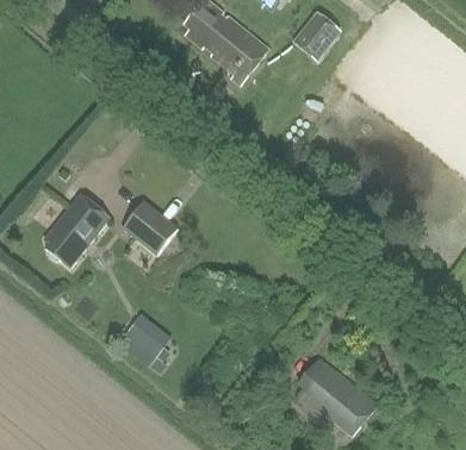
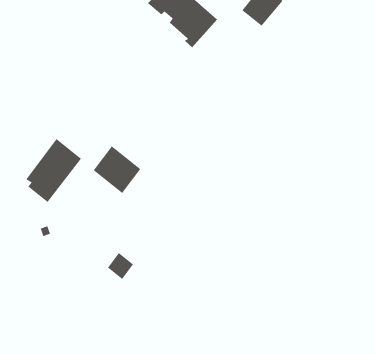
building: [294,356,379,436] -> none

